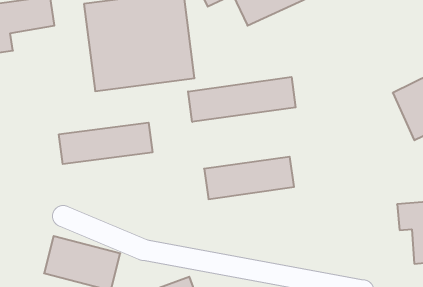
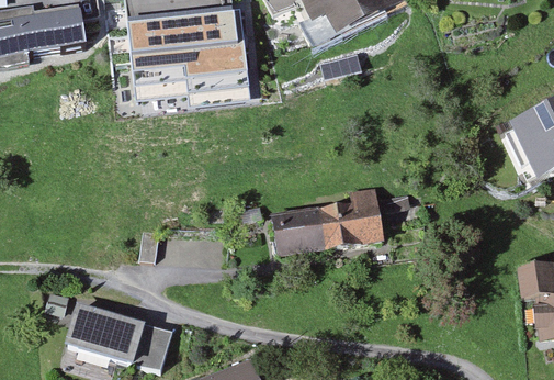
building: [188,77,296,122] -> none
building: [59,123,152,164] -> none

